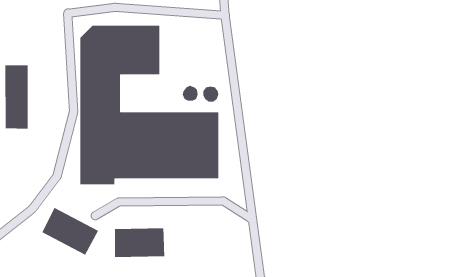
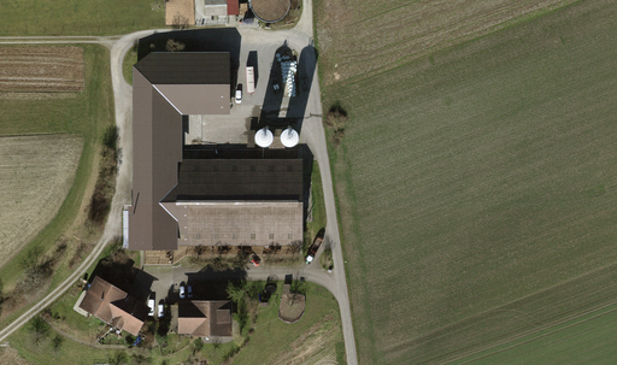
building: [5,64,28,130] -> none

